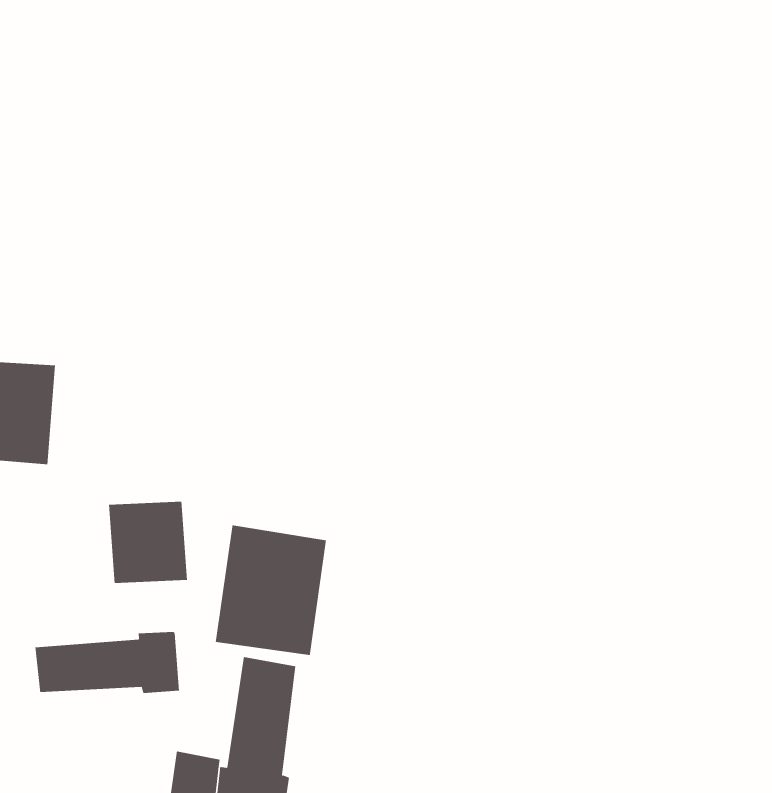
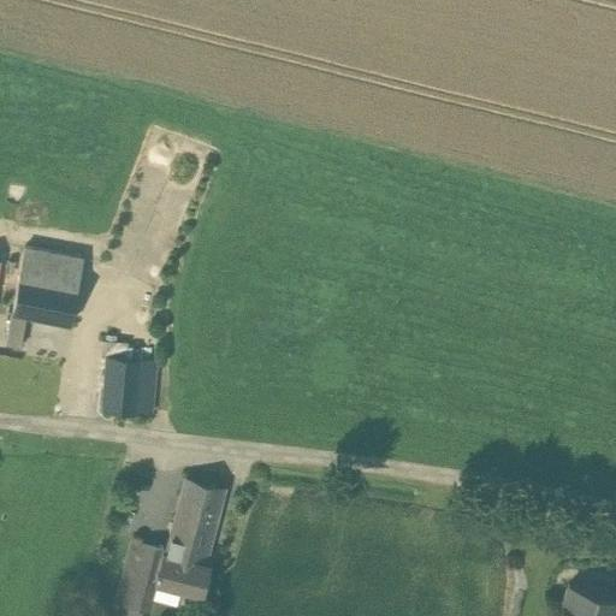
building: [215,524,326,656] -> none
building: [35,631,179,694] -> none

